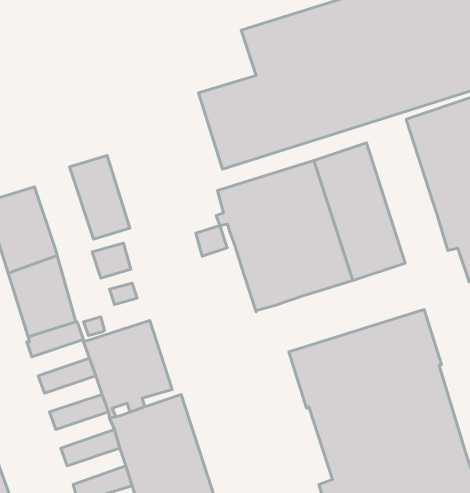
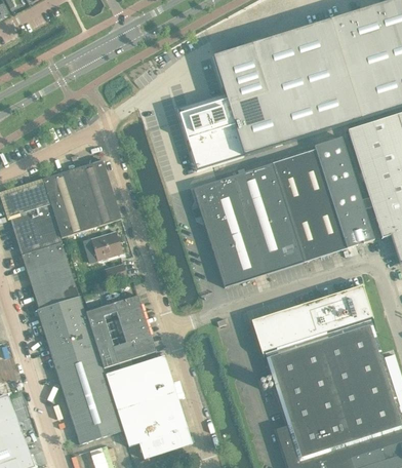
building: none -> [314,136,373,247]
building: none -> [42,168,91,237]
building: [196,226,227,256] -> none
building: none -> [41,310,88,340]
building: none -> [51,340,98,369]
building: none -> [61,369,109,399]
building: none -> [70,399,118,429]

